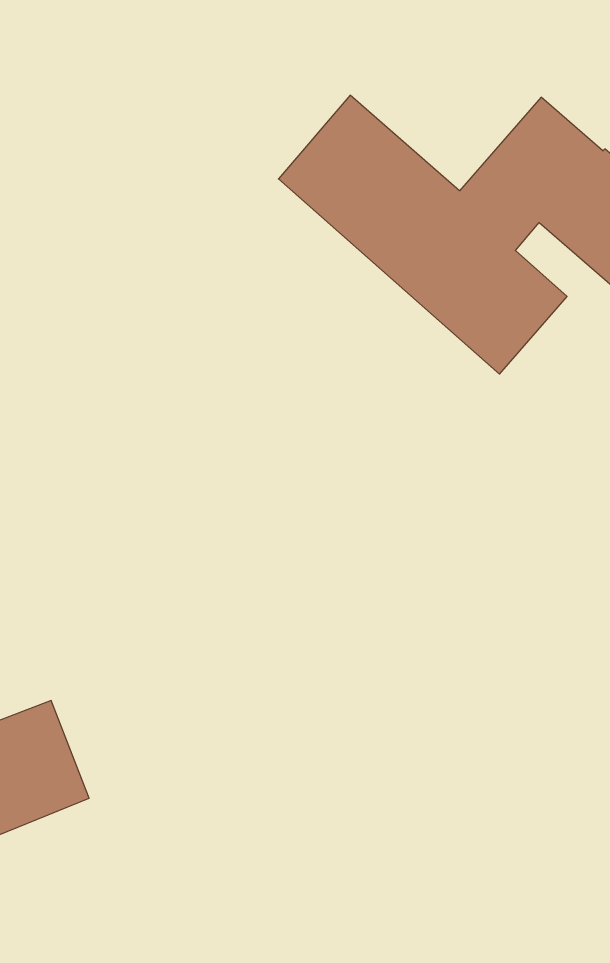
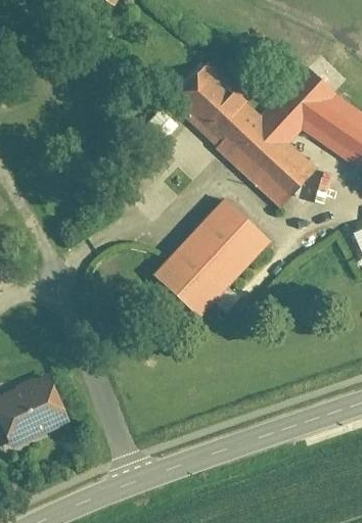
building: none -> [155,198,269,315]

